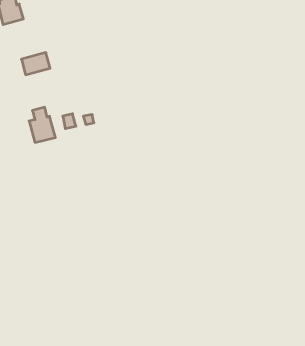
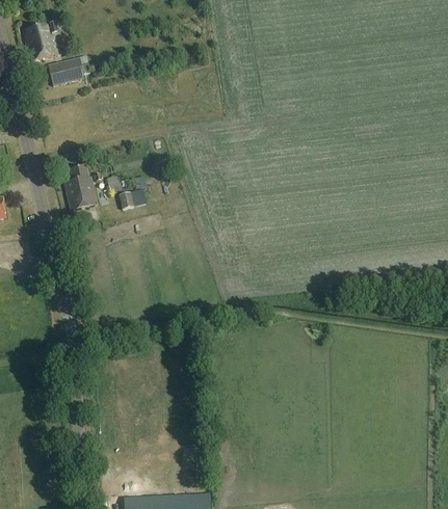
building: [21,53,50,75] -> [47,56,83,84]
building: none -> [117,188,147,209]

